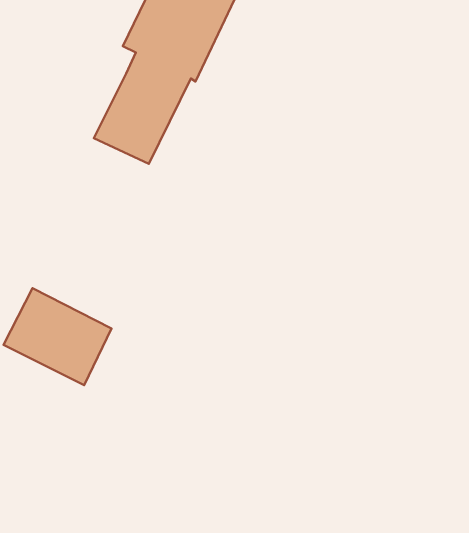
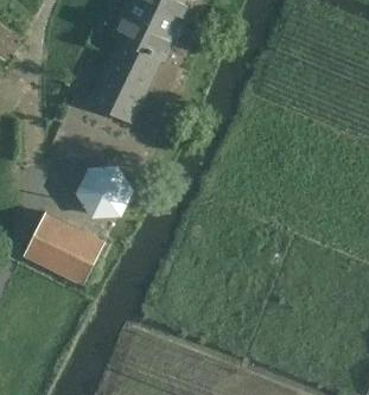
building: none -> [78,170,131,216]

